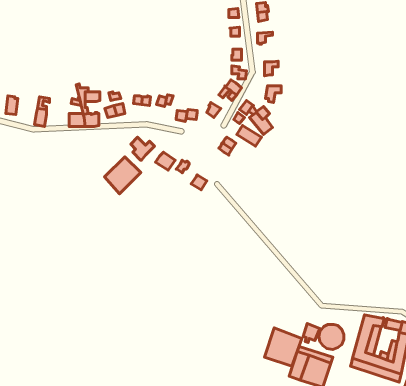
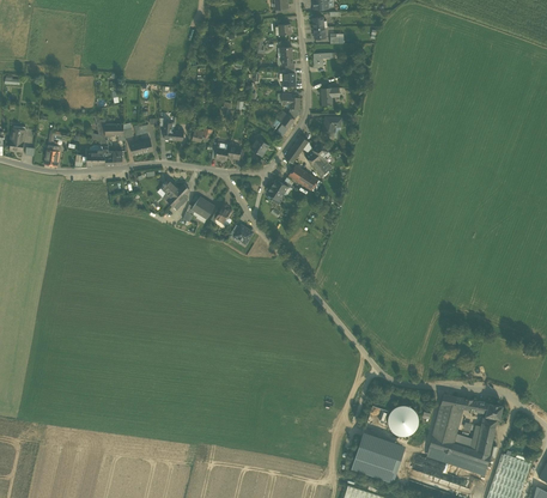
building: [104,157,141,194] -> none
building: [264,328,302,366] -> none

